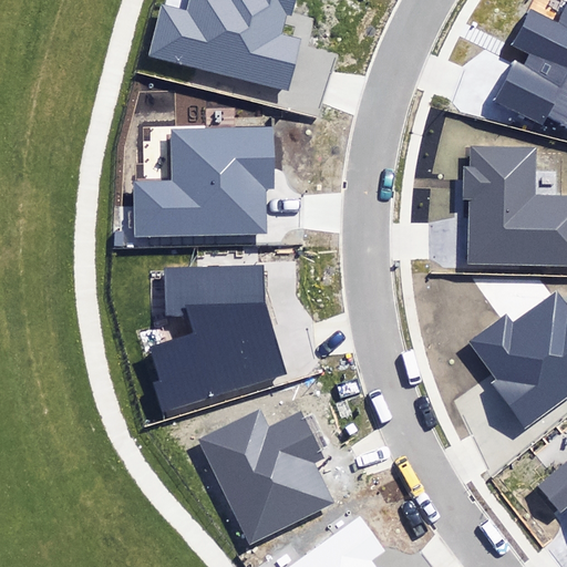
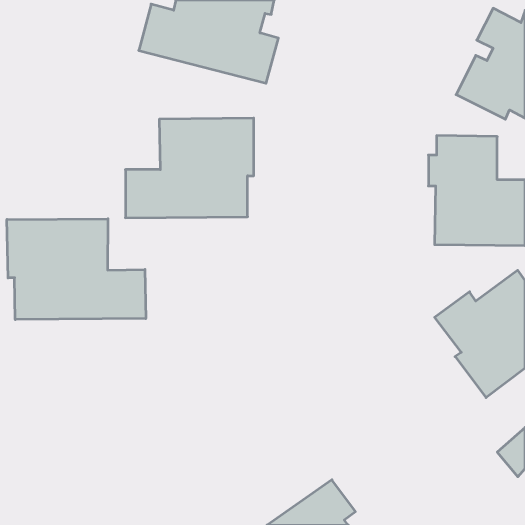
building: none -> [7,219,146,320]
building: [150,265,286,414] -> none
building: [199,411,334,544] -> none

